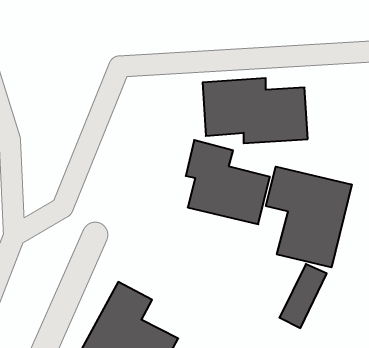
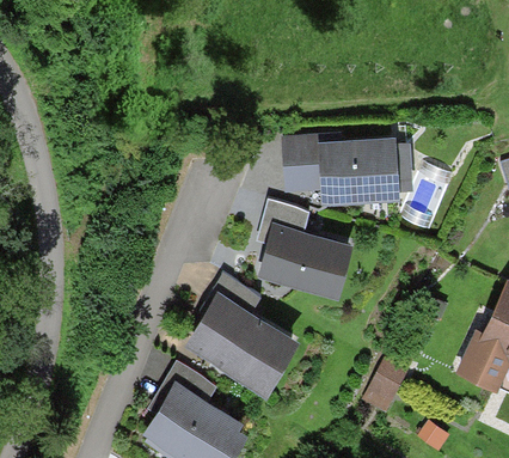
building: [266,167,352,267] -> none
building: none -> [173,269,294,399]

